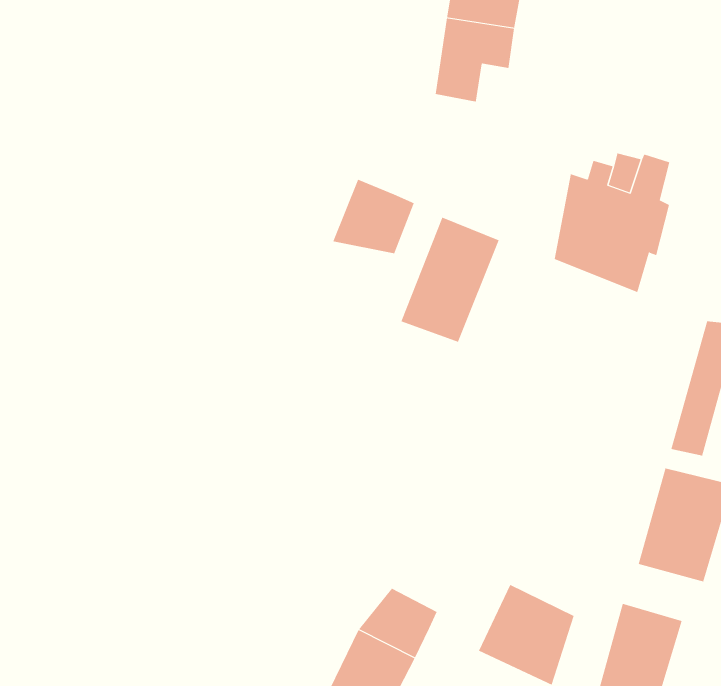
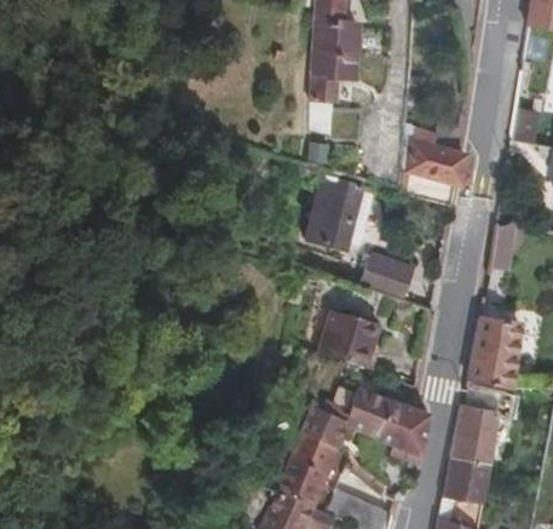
building: [332,179,414,254] -> none
building: none -> [367,251,421,298]
building: none -> [322,310,381,369]
building: none -> [342,389,390,443]

